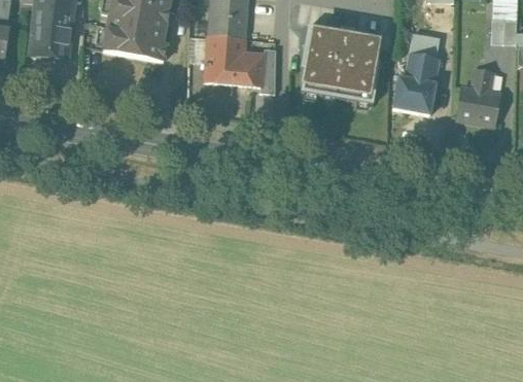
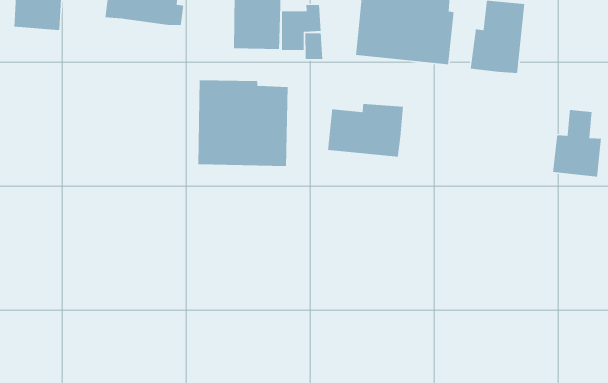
building: [456,67,497,123] -> [552,109,602,177]
building: none -> [197,80,288,167]
building: none -> [327,103,404,157]

